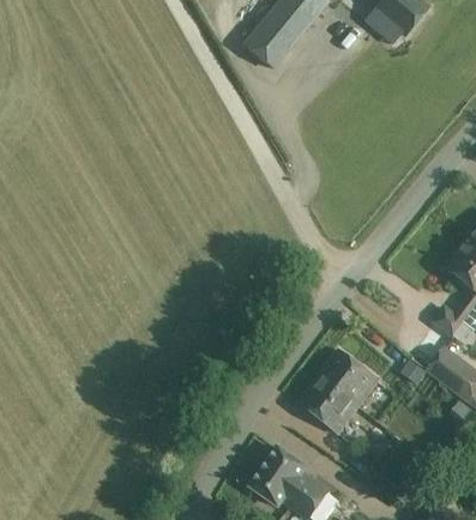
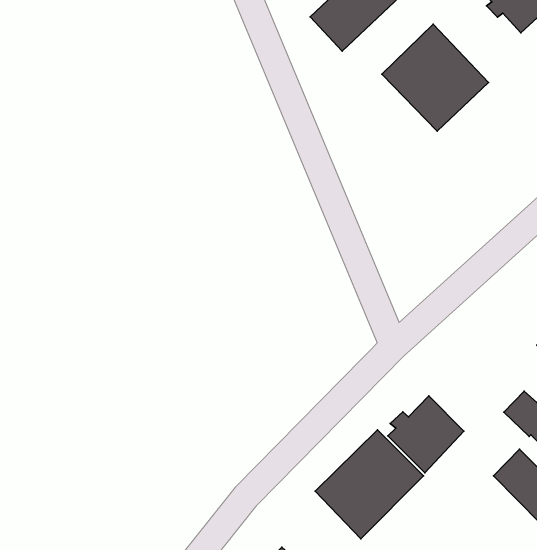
building: none -> [382,24,488,131]
building: none -> [388,396,464,473]

